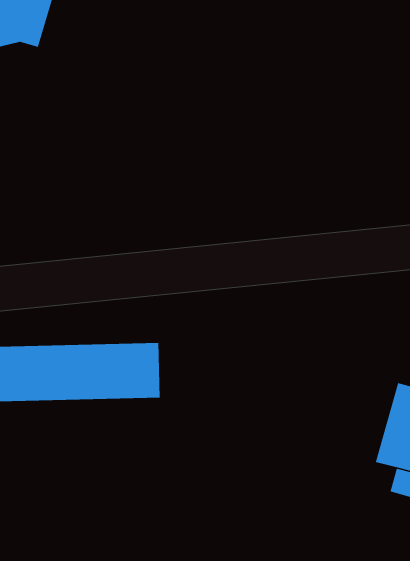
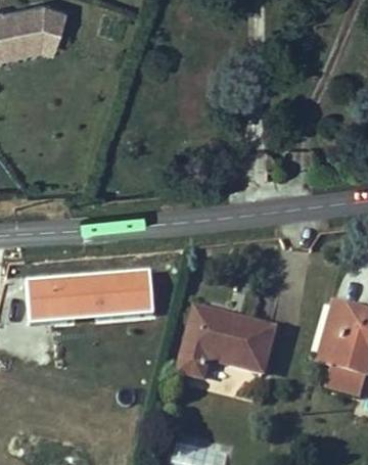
building: none -> [178,312,273,380]

